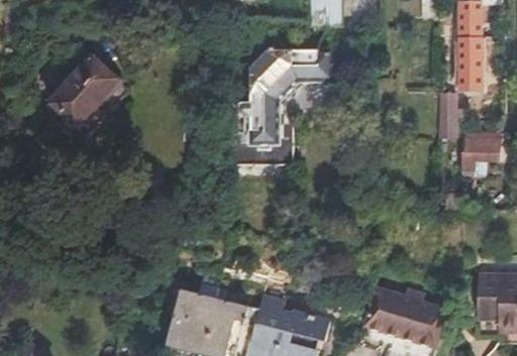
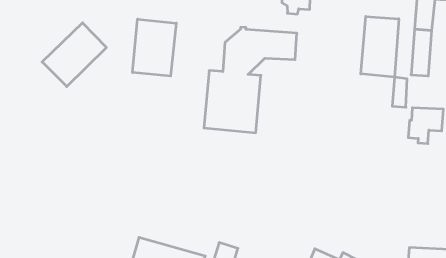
building: none -> [361,16,399,77]
building: none -> [133,19,176,76]

